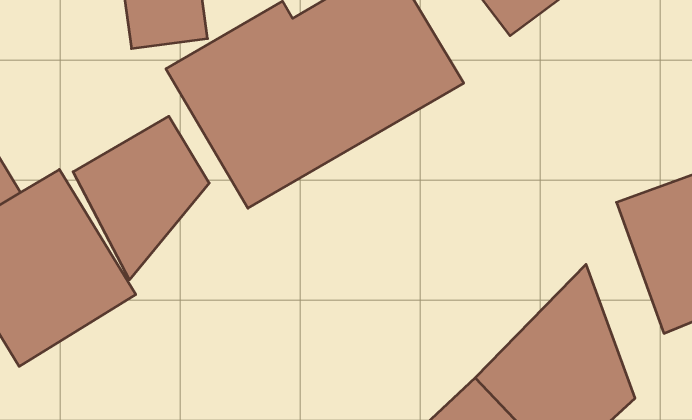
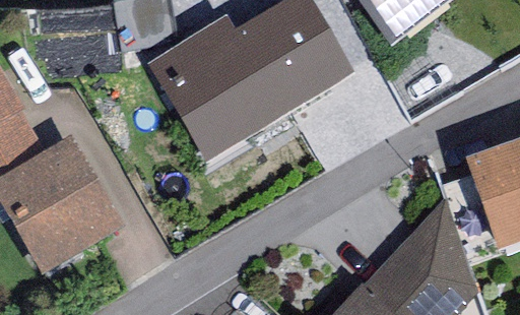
building: [73,116,209,280] -> none

